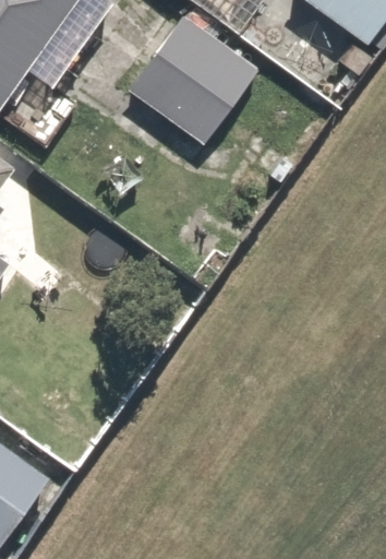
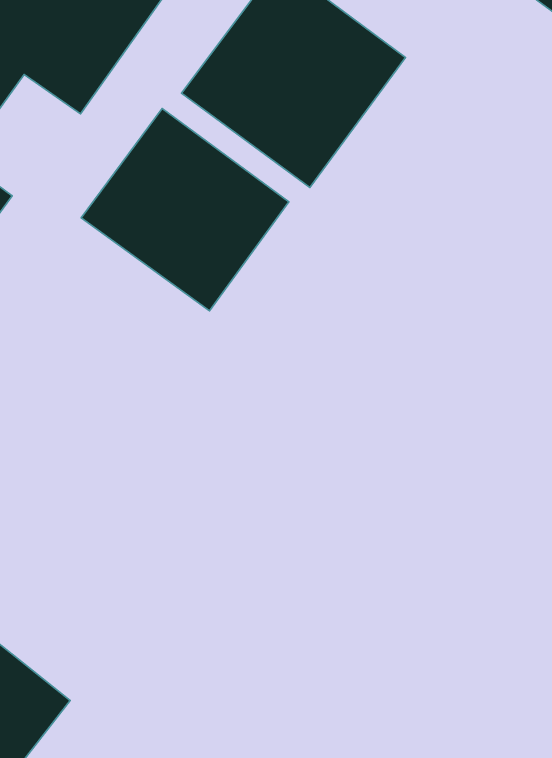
building: none -> [81,108,289,311]

